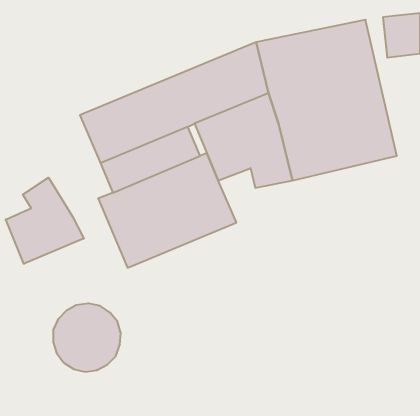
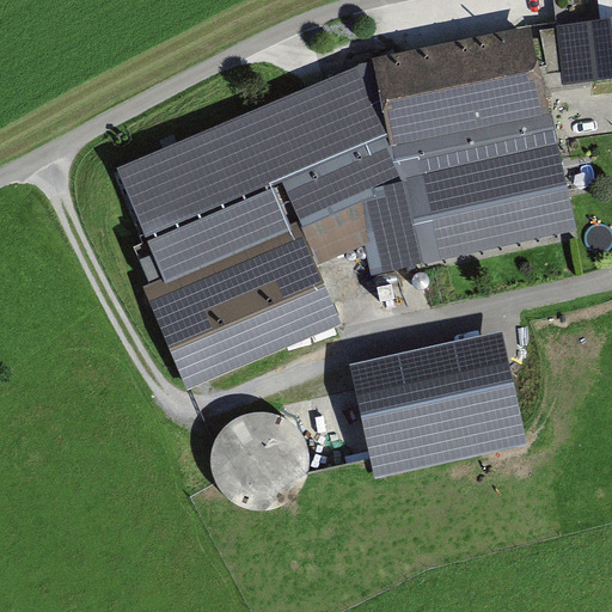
building: [6,178,84,264] -> none
building: none -> [349,332,526,476]
building: [53,303,121,372] -> [210,406,308,506]

